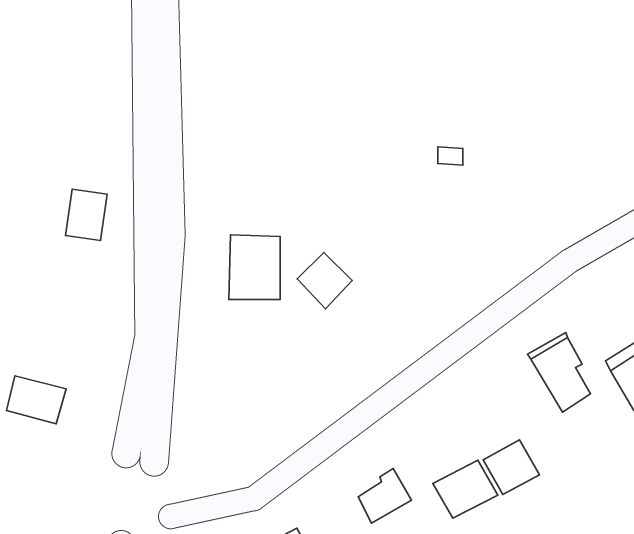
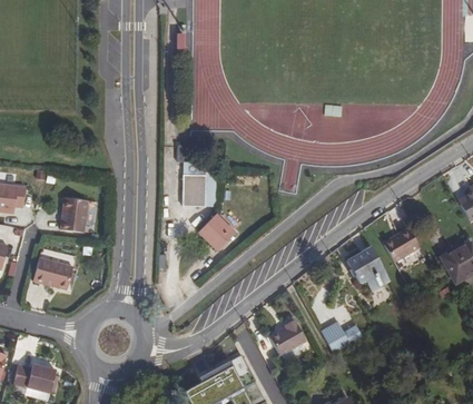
building: [66,189,107,241] -> [60,197,88,231]
building: [297,252,352,309] -> [199,214,236,252]
building: [483,440,539,495] -> [347,249,385,286]

